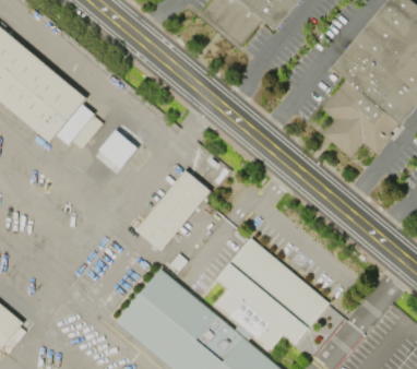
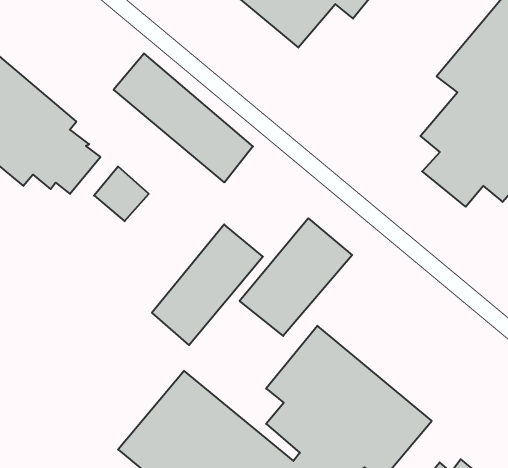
building: none -> [114,53,253,182]
building: none -> [240,218,352,336]

